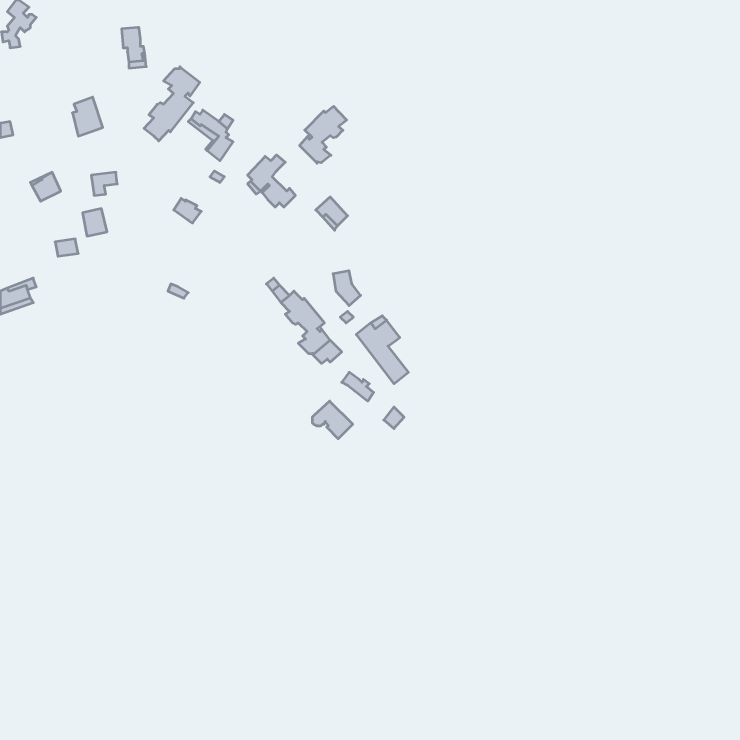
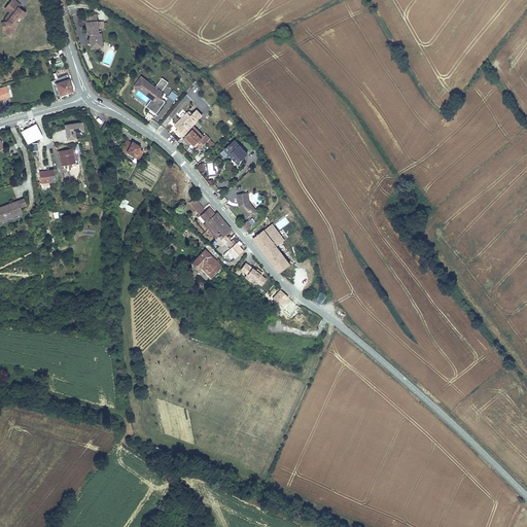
building: [144,67,200,141] -> none
building: [300,106,347,163] -> none
building: [312,401,353,439] -> [192,250,221,277]

